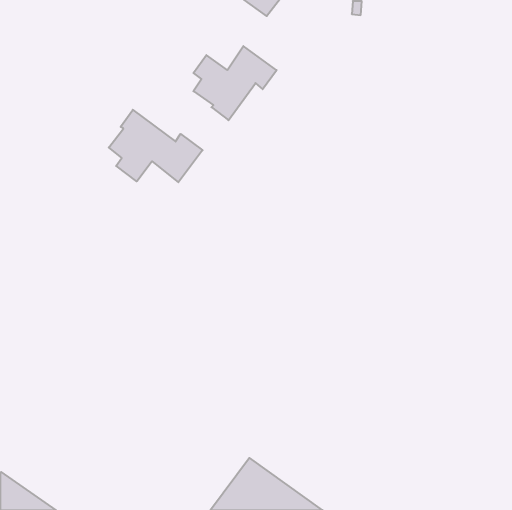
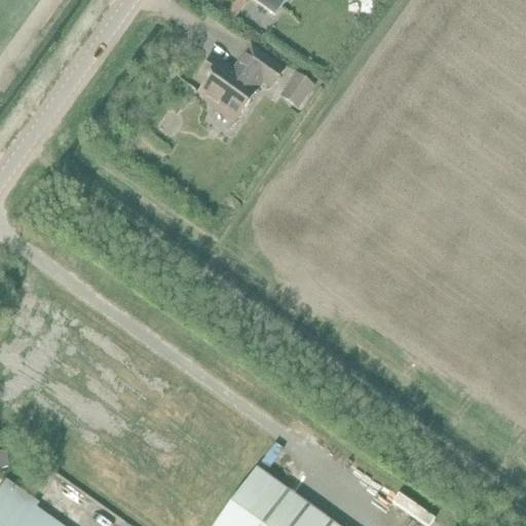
building: none -> [278,74,313,110]
building: [109,110,203,182] -> none

